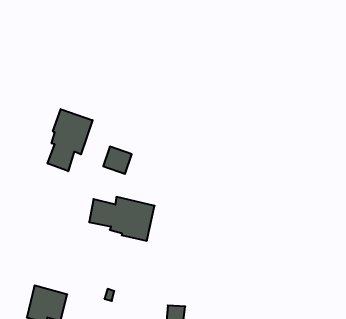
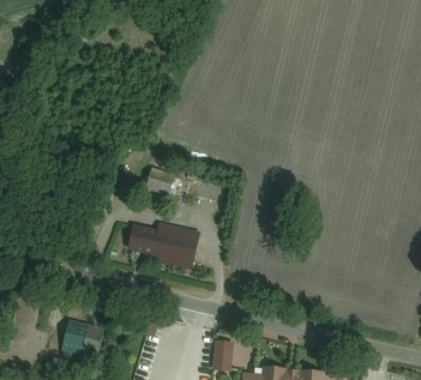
building: [48,109,93,171] -> none

